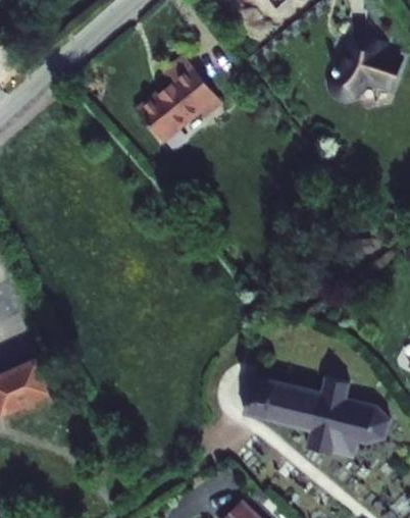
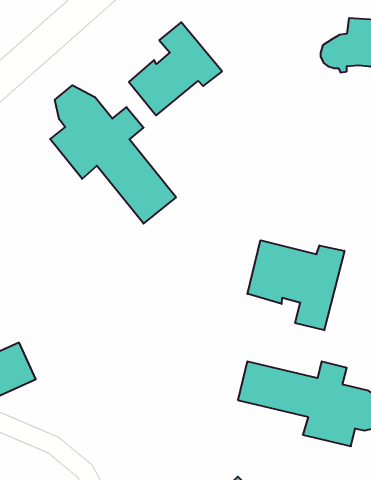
building: none -> [50,85,176,224]
building: none -> [247,240,344,330]

